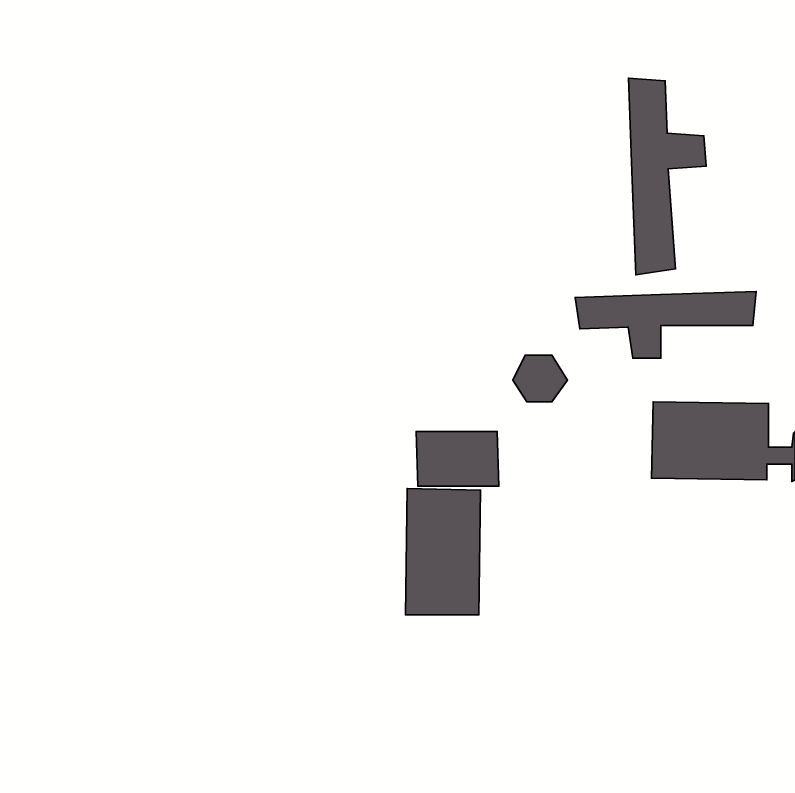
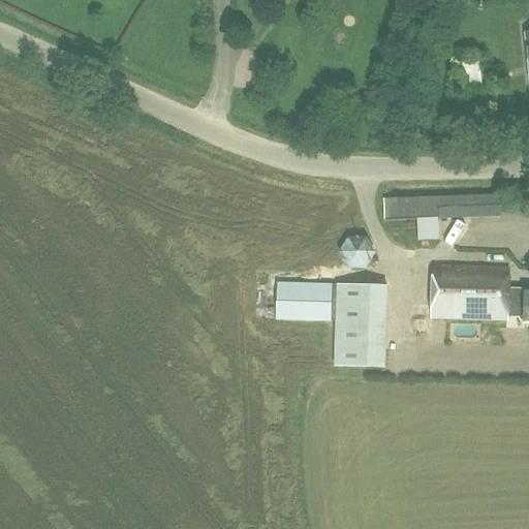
building: [628,78,706,275] -> none
building: [406,489,480,615] -> [336,270,385,353]

